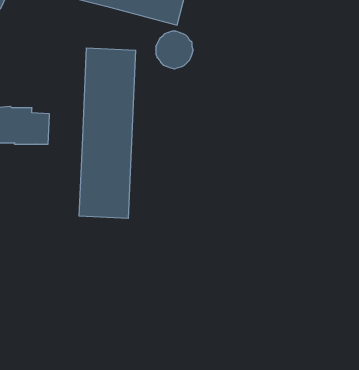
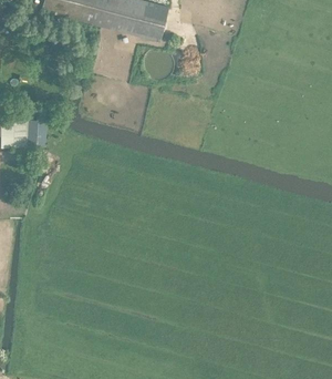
building: [79,48,136,218] -> none

